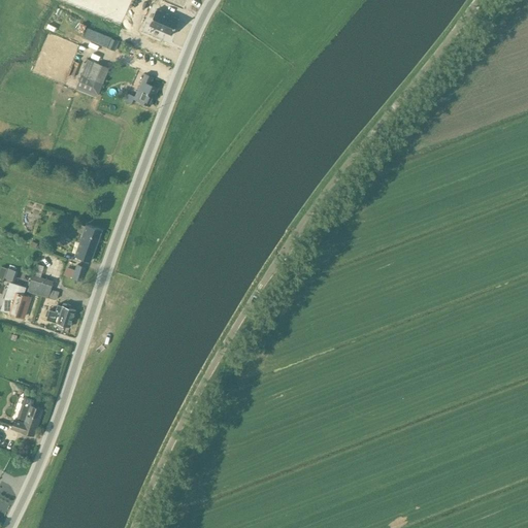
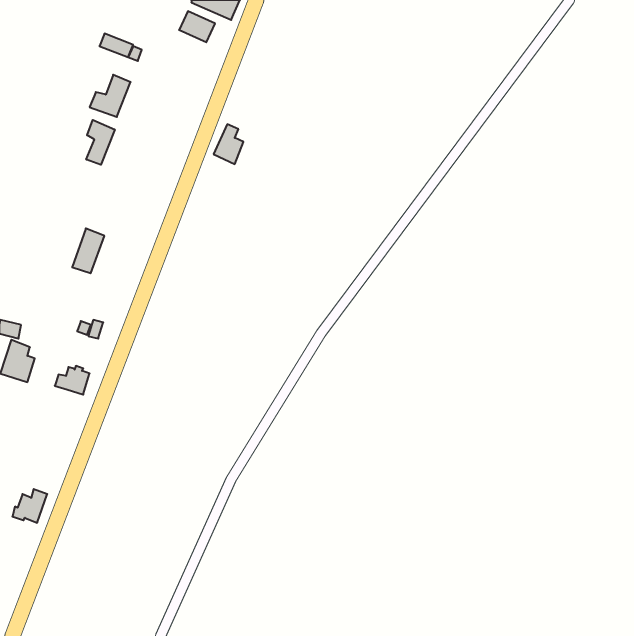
building: [132,73,157,106] -> [214,124,243,164]
building: none -> [86,120,115,165]
building: [74,224,101,261] -> [72,228,104,273]
building: [27,274,58,300] -> none

